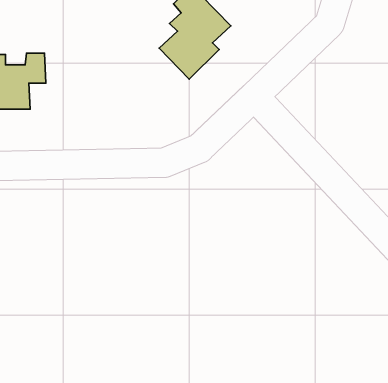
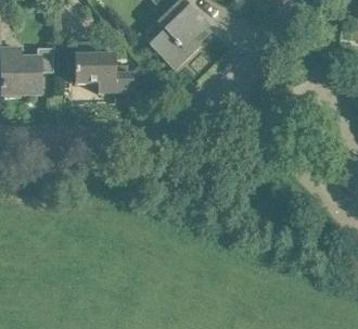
building: none -> [73,41,132,92]

